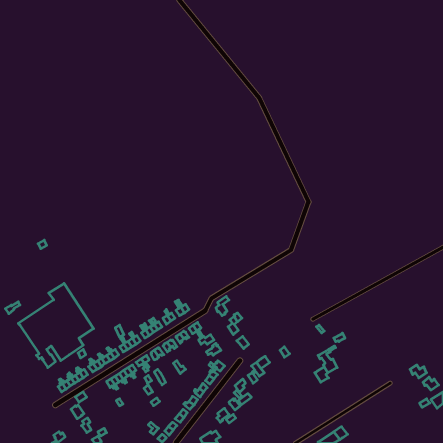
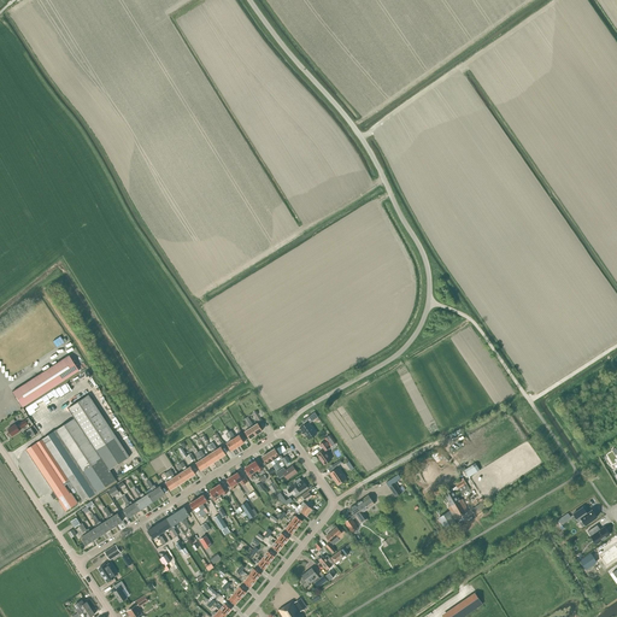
building: none -> [12,354,78,406]

